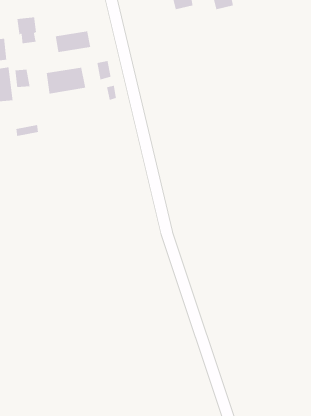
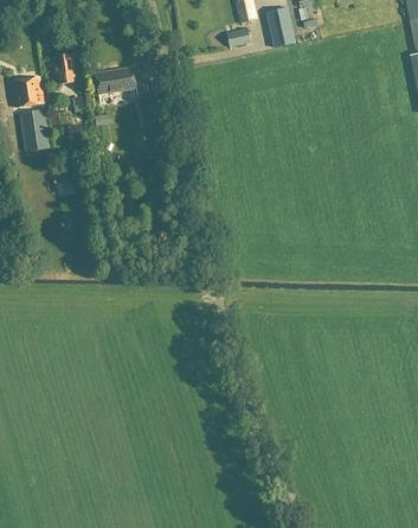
building: [46,67,86,94] -> none

